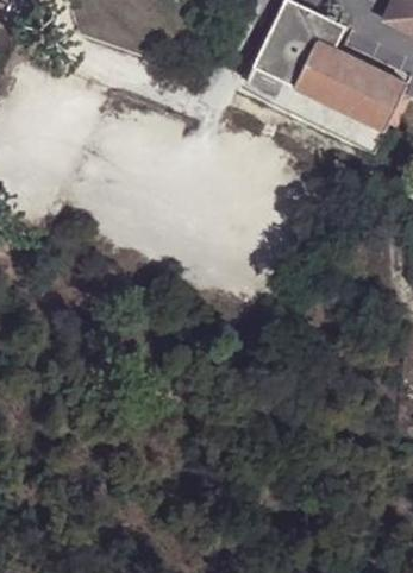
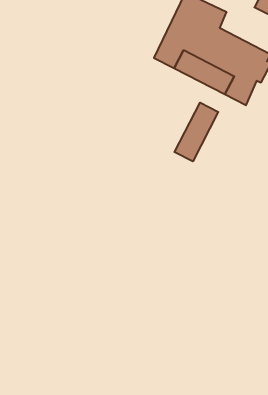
building: none -> [174,103,218,161]

